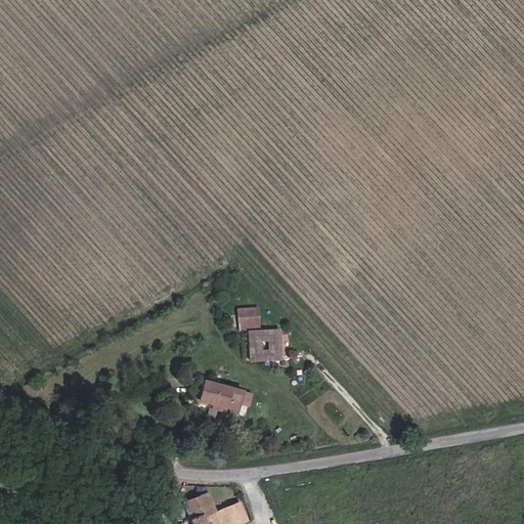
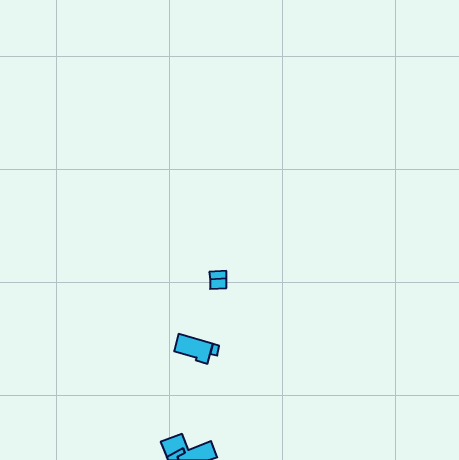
building: [250,331,279,360] -> none

